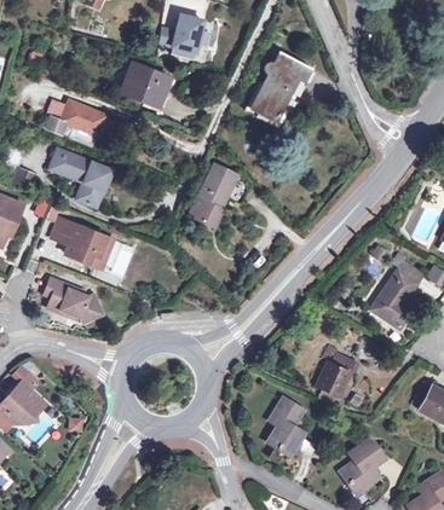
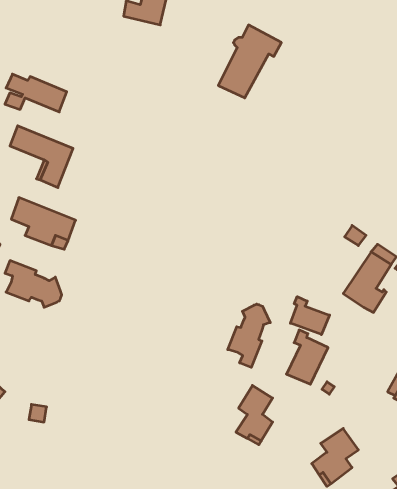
building: [121,63,171,108] -> none
building: [196,162,249,228] -> none
building: none -> [290,297,330,335]
building: none -> [228,304,270,367]

